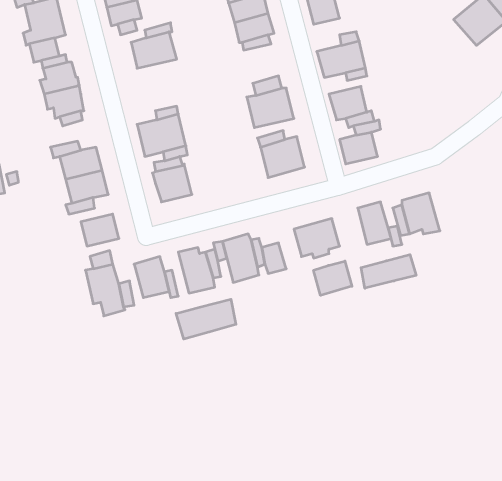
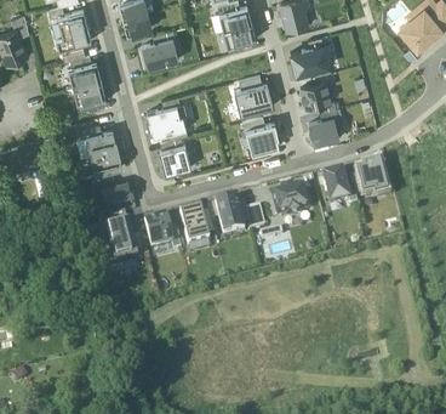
building: [361,255,416,288] -> none
building: [314,261,352,295] -> none
building: [176,299,236,339] -> none

